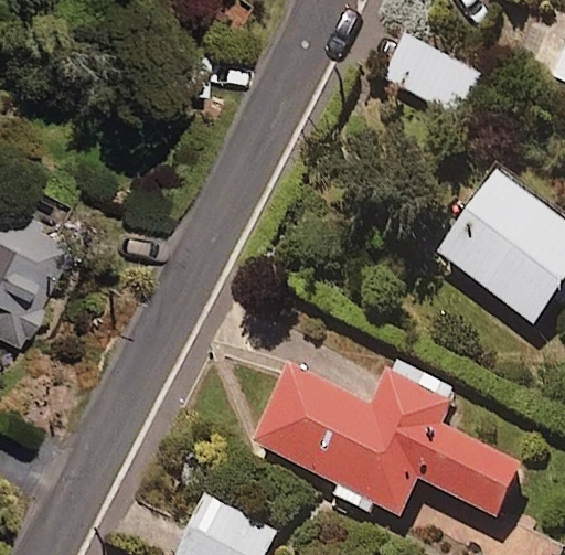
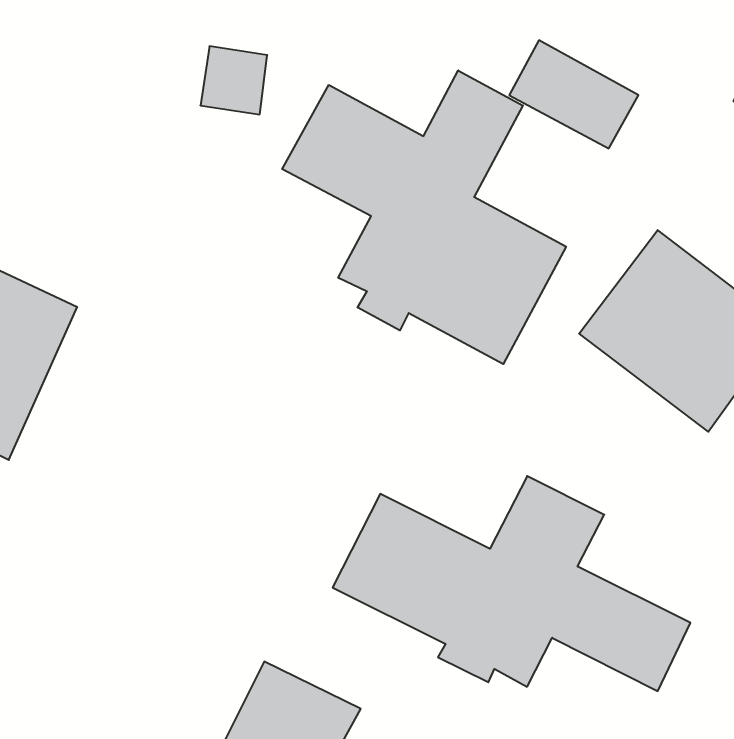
building: none -> [282,70,566,364]

